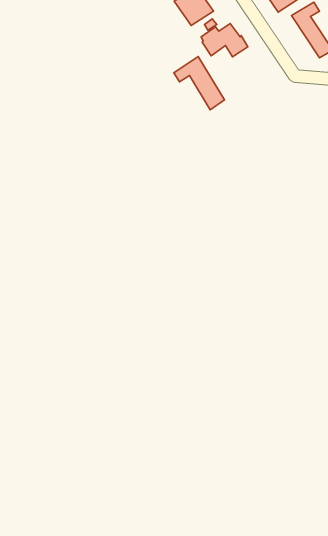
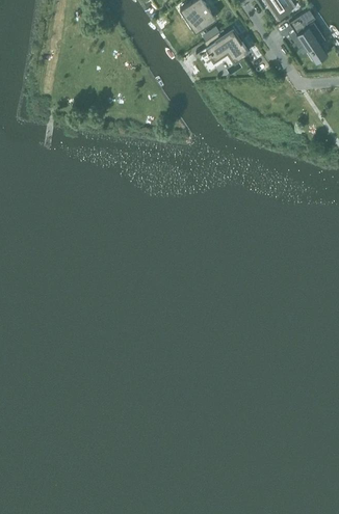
building: [174,57,225,110] -> none

